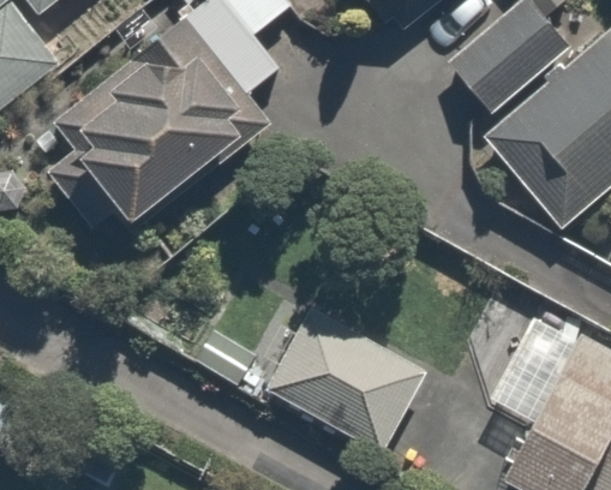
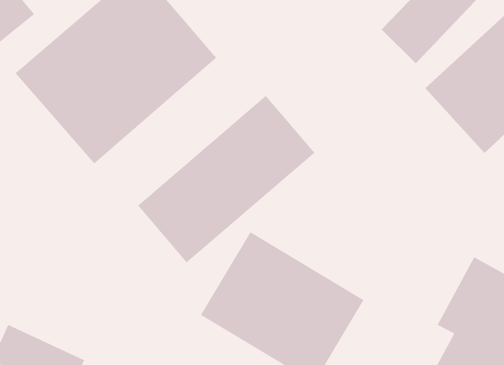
building: none -> [137,95,315,263]

